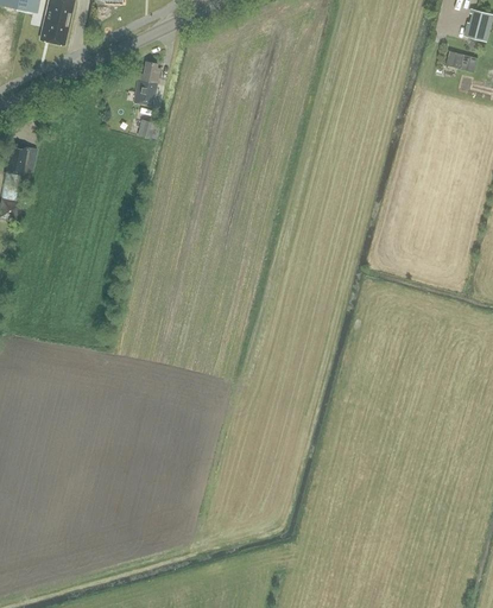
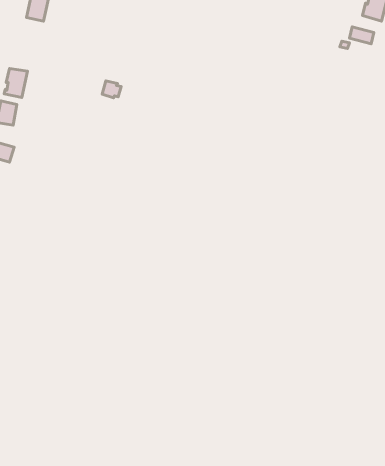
building: [134,61,160,106] -> none
building: none -> [4,68,28,98]

